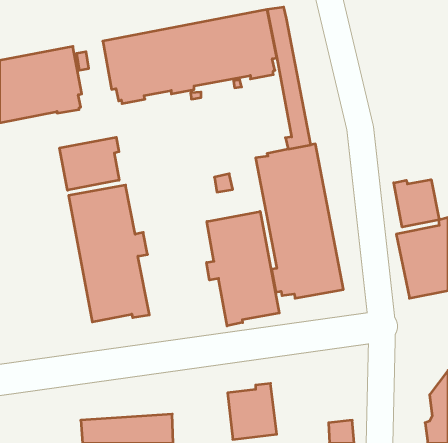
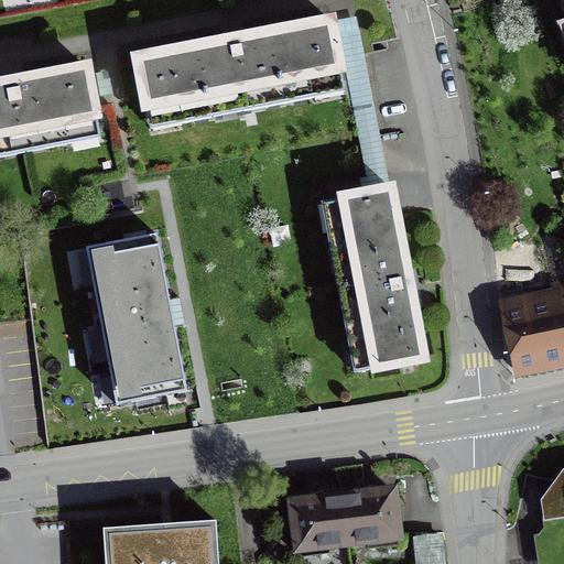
building: [60,137,119,190] -> none
building: [394,180,439,227] -> none
building: [207,211,279,326] -> none
building: none -> [339,479,403,545]

